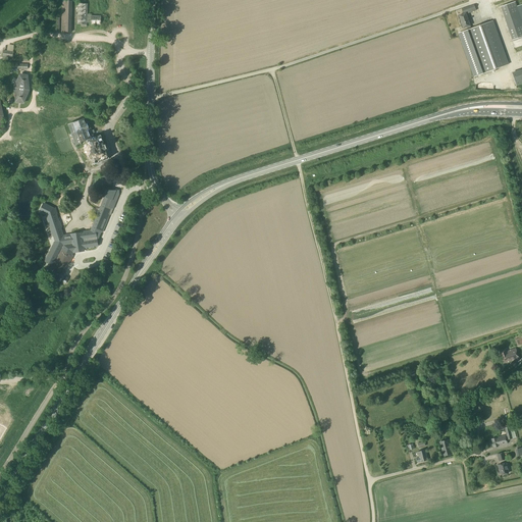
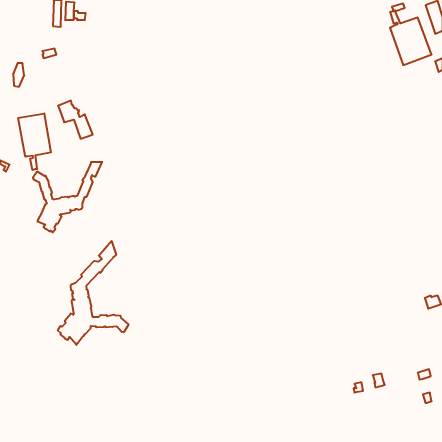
building: none -> [18,113,51,170]
building: none -> [58,241,128,345]

